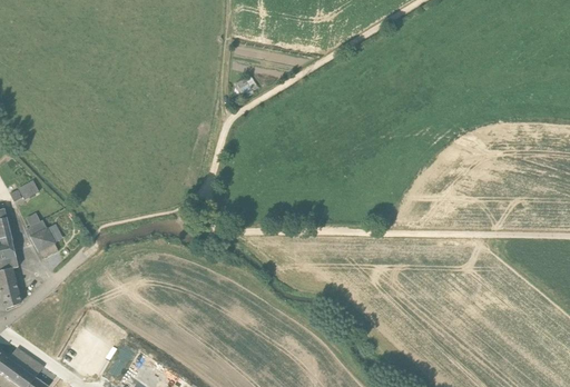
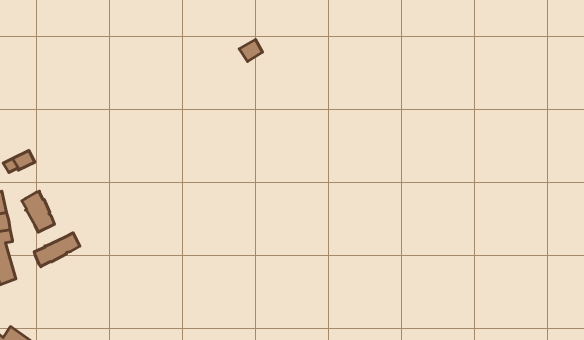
building: none -> [34,233,80,267]

